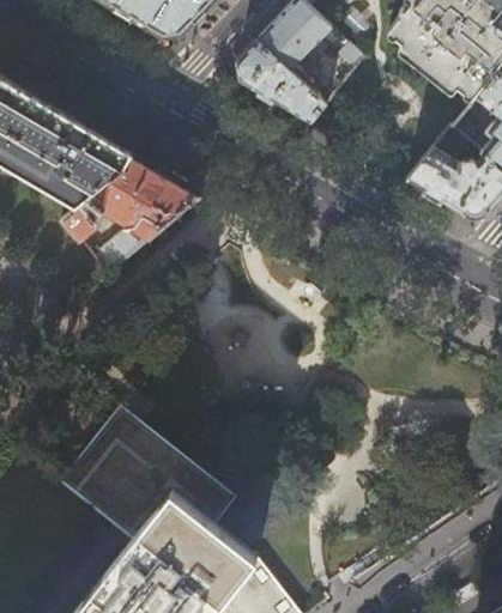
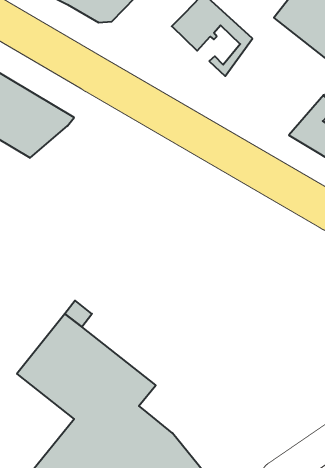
building: [236,40,325,122] -> none
building: [61,156,200,274] -> none

